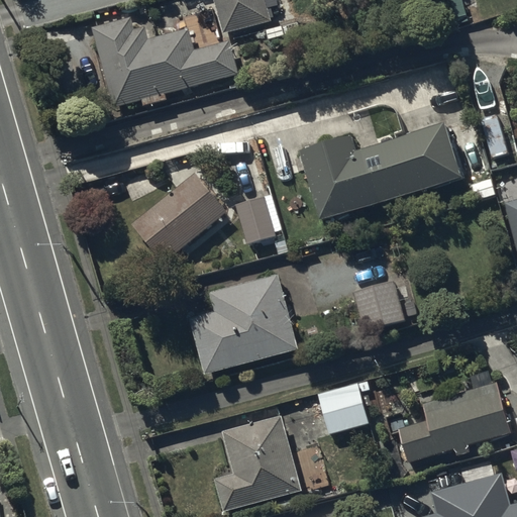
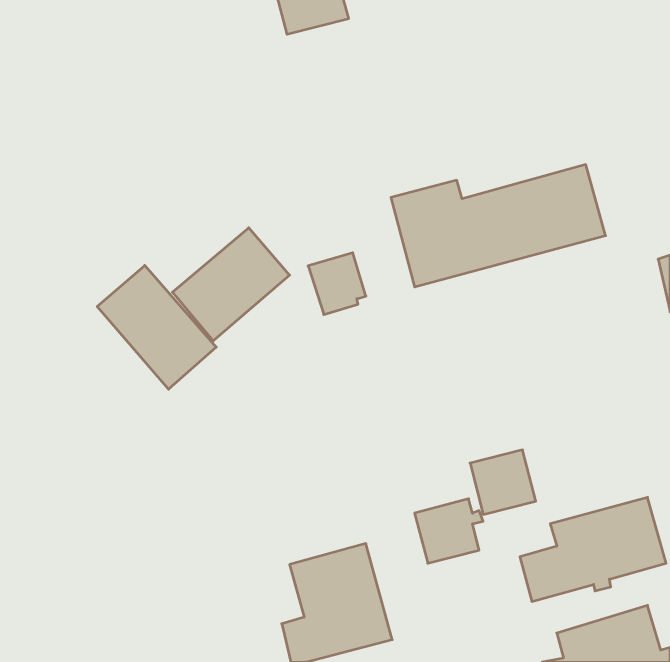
building: [89,8,234,108] -> none
building: none -> [97,265,216,389]
building: [190,276,296,374] -> none
building: [354,281,405,330] -> [470,450,536,514]

